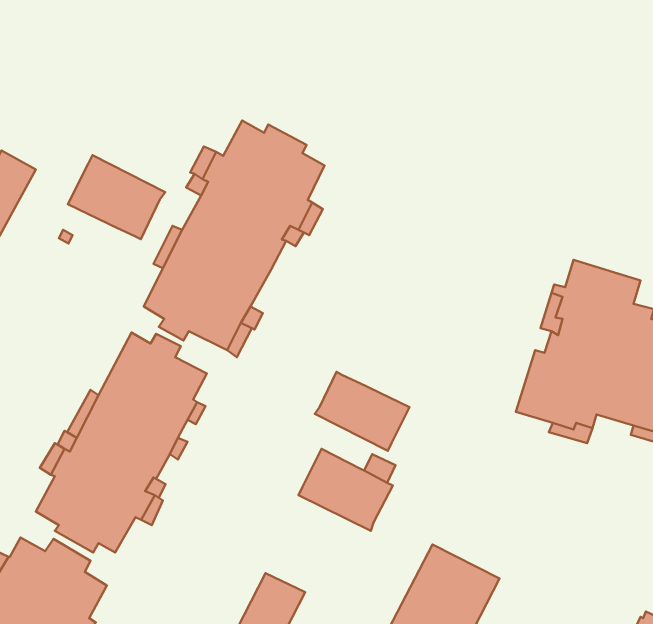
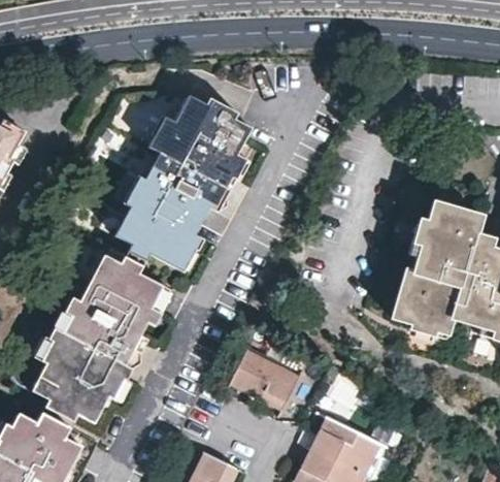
building: [68,155,165,239] -> none
building: [315,372,410,451] -> none

